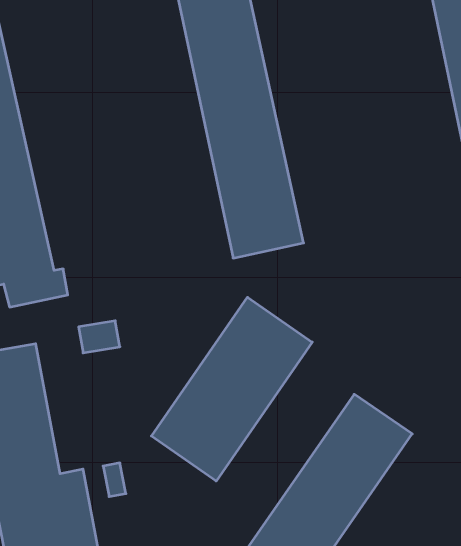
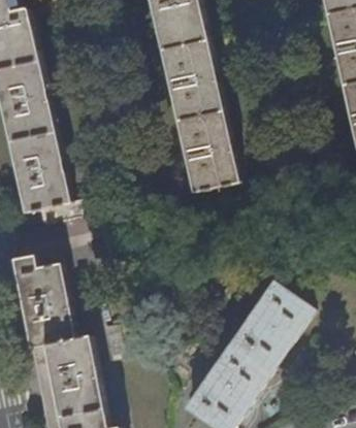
building: [151,297,312,481] -> none

